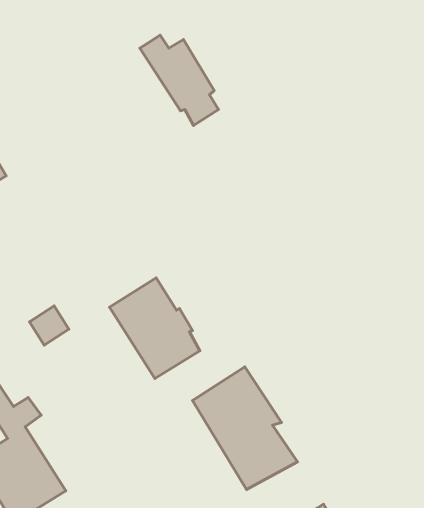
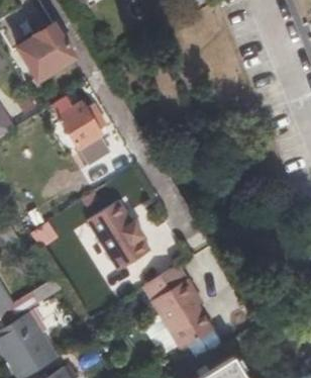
building: none -> [18,22,75,80]
building: [140,35,218,125] -> [54,98,108,161]

